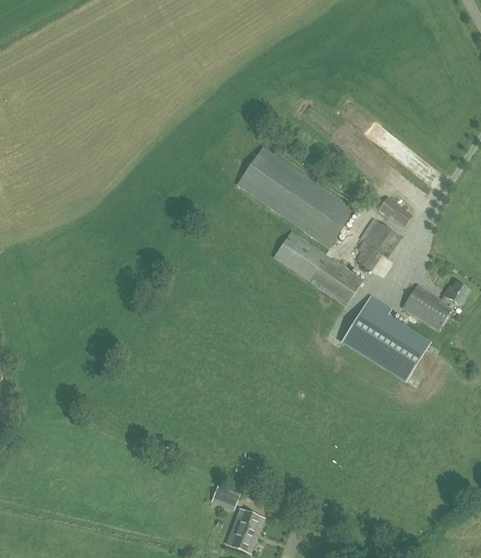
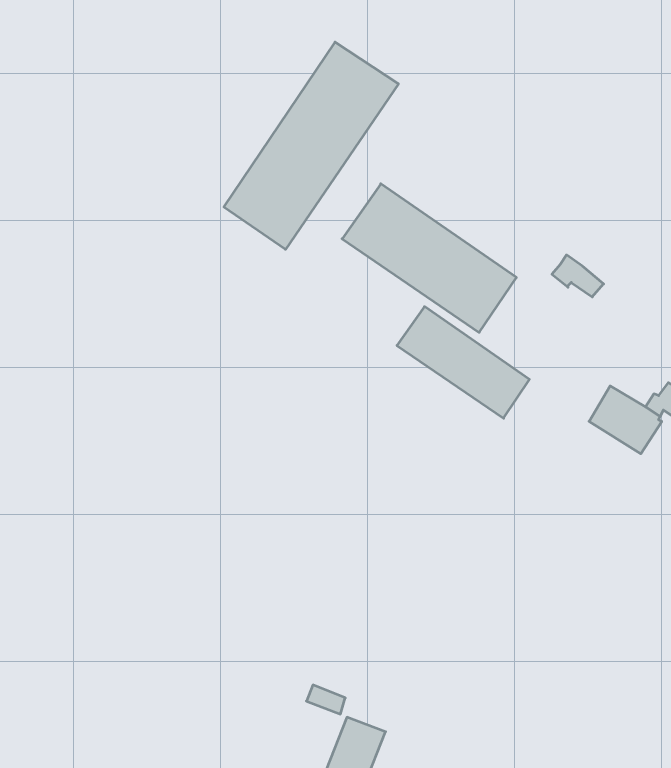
building: none -> [224,42,398,249]
building: [356,218,400,270] -> none
building: [340,293,430,381] -> none

